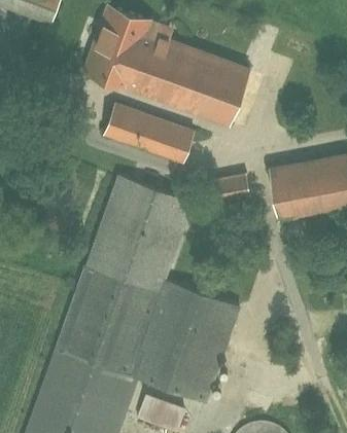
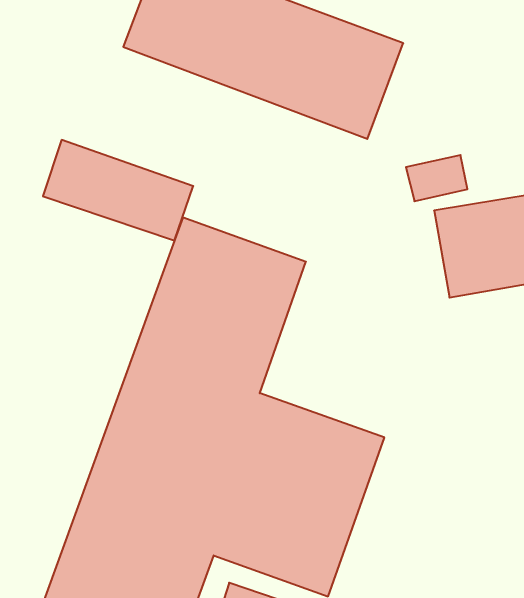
building: [103,103,194,164] -> [43,140,193,241]
building: [212,176,249,204] -> [406,155,467,201]

